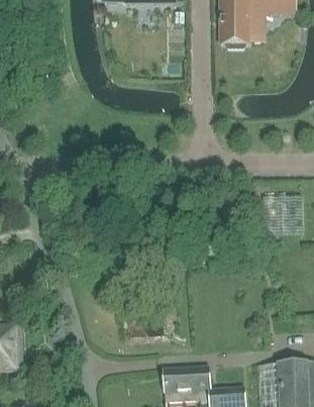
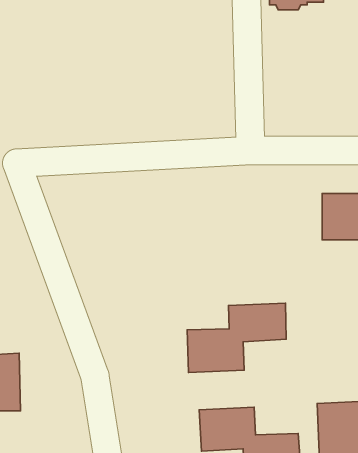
building: none -> [187,303,286,372]

